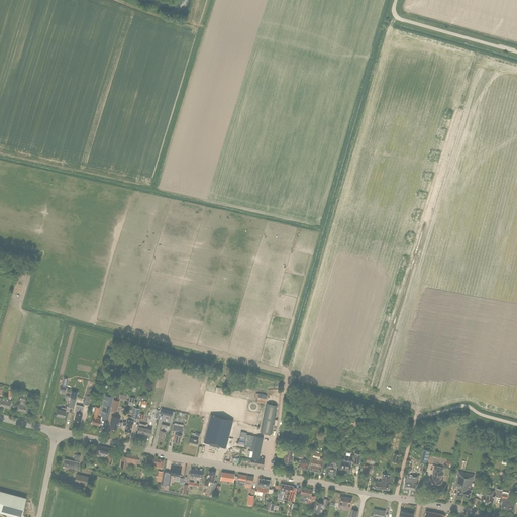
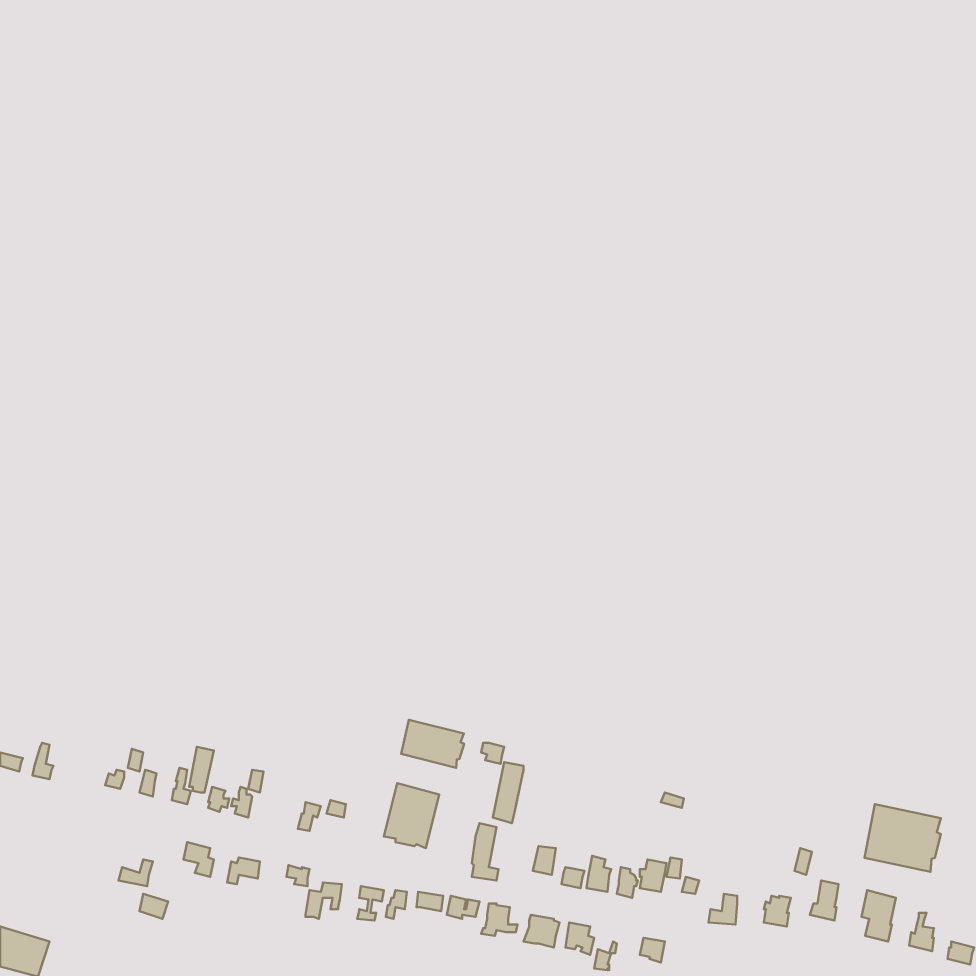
building: none -> [401,720,464,768]
building: none -> [865,804,941,872]

